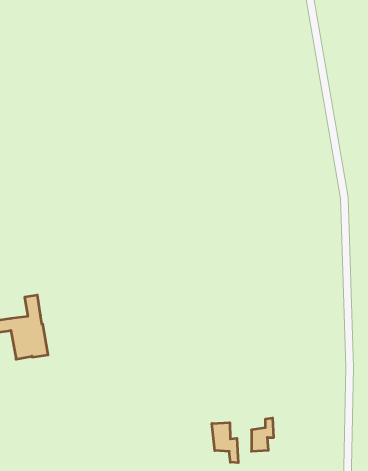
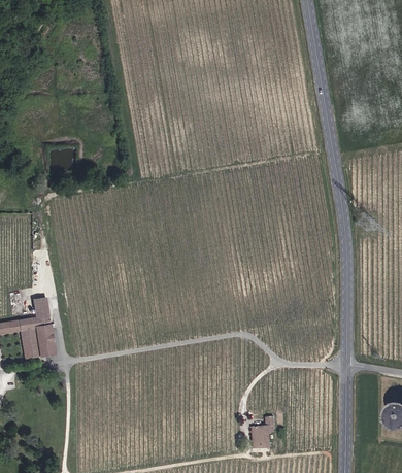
building: [212,423,238,463] -> none

